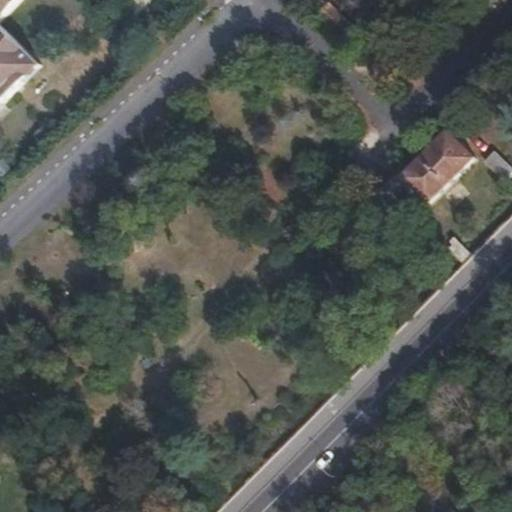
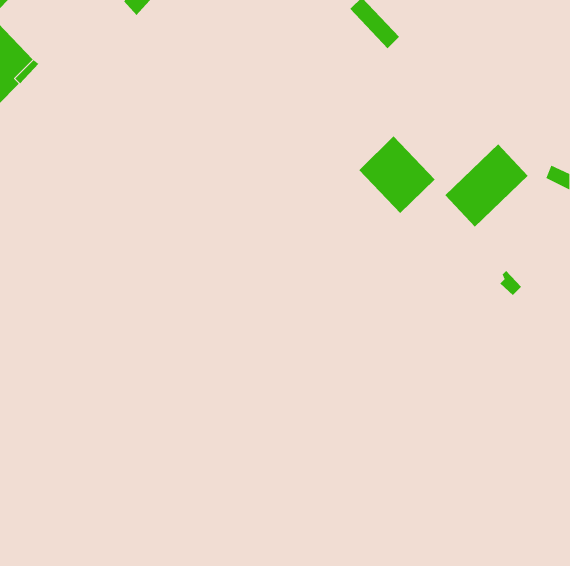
building: none -> [358,136,435,214]

